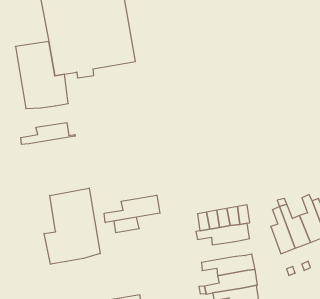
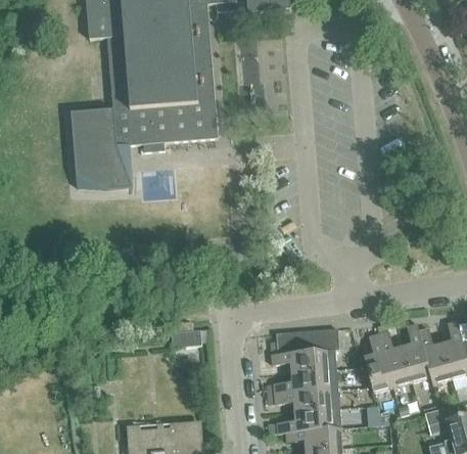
building: [21,123,75,144] -> none
building: [44,188,100,264] -> none
building: [104,195,160,223] -> none
building: none -> [274,370,338,394]

